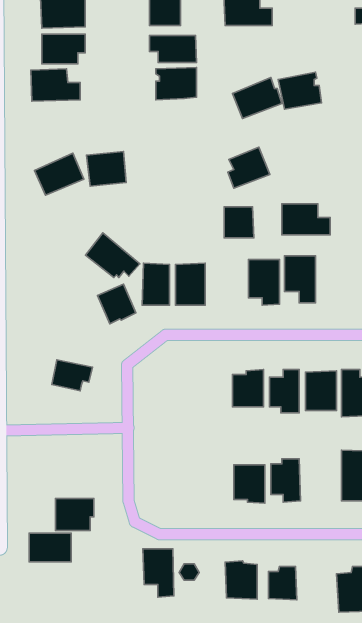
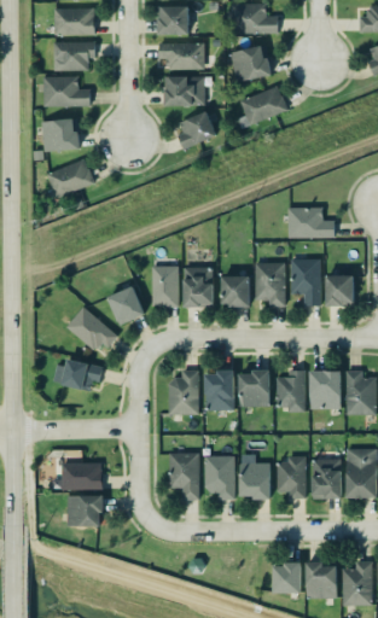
building: [278,72,322,109] -> [229,45,272,81]
building: [228,147,270,188] -> [176,110,217,150]
building: [86,151,126,186] -> [41,118,80,152]
building: [224,207,254,238] -> [221,276,250,307]
building: [85,233,140,277] -> [65,305,118,349]
building: none -> [326,275,354,305]
building: none -> [168,369,198,414]
building: none -> [203,371,233,412]
building: none -> [204,455,234,499]
building: none -> [313,457,341,499]
building: [29,533,71,562] -> [62,461,103,489]
building: [143,549,174,597] -> [168,453,198,500]
building: [225,561,257,599] -> [306,561,337,599]

